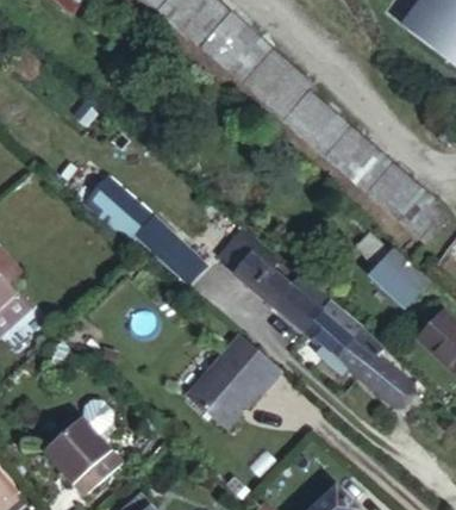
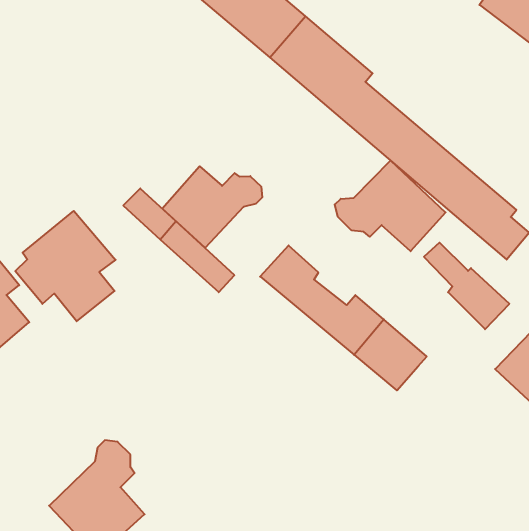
building: none -> [335,160,446,251]
building: none -> [162,166,262,248]
building: none -> [15,211,116,321]
building: [336,337,405,402] -> none
building: [190,341,285,434] -> none

